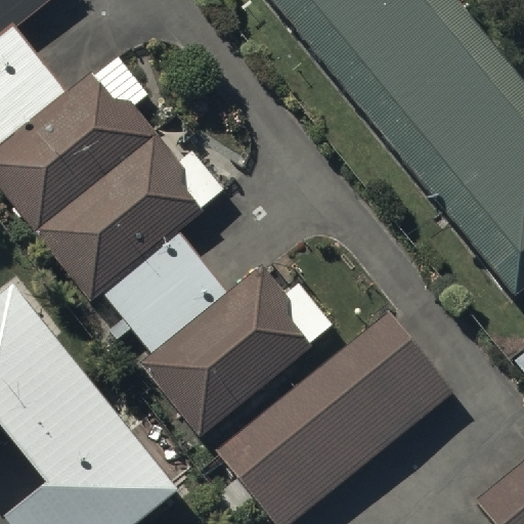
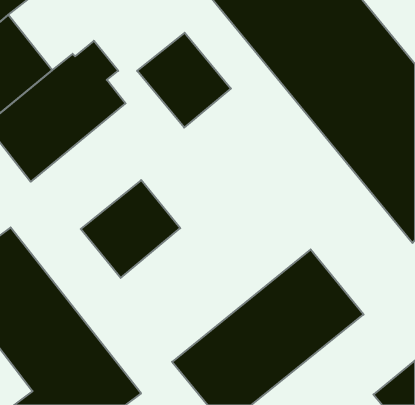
building: none -> [137,33,231,128]
building: [39,130,223,295] -> none
building: [139,258,333,434] -> none

